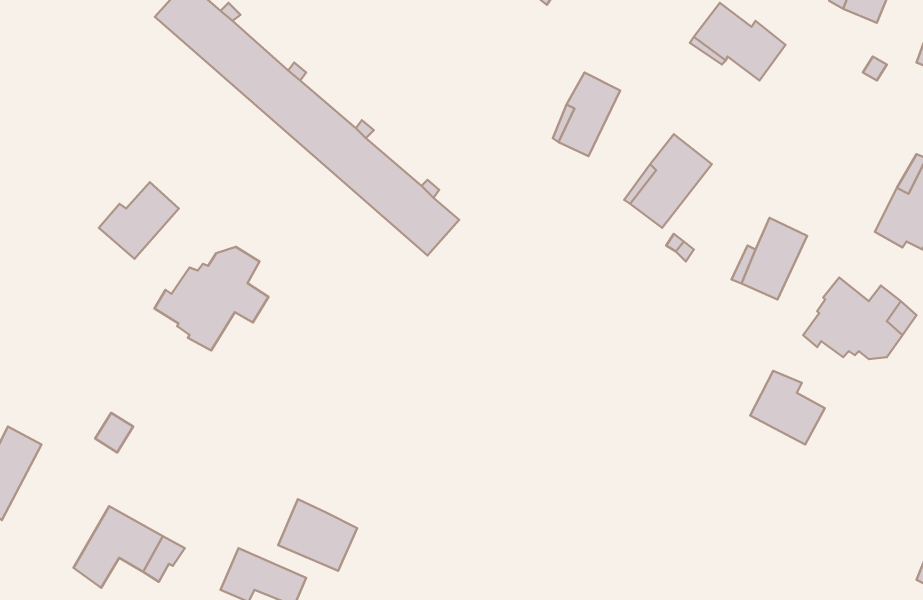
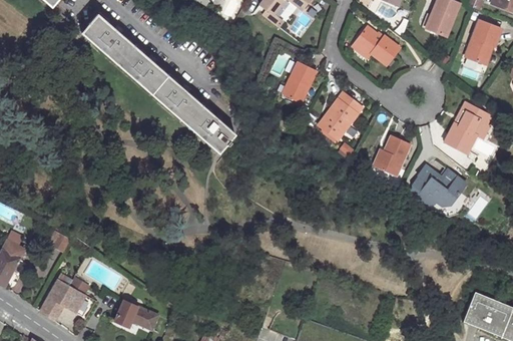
building: [99,182,179,259] -> none
building: [155,247,269,351] -> none
building: [750,371,825,444] -> none
building: [278,499,357,571] -> none

